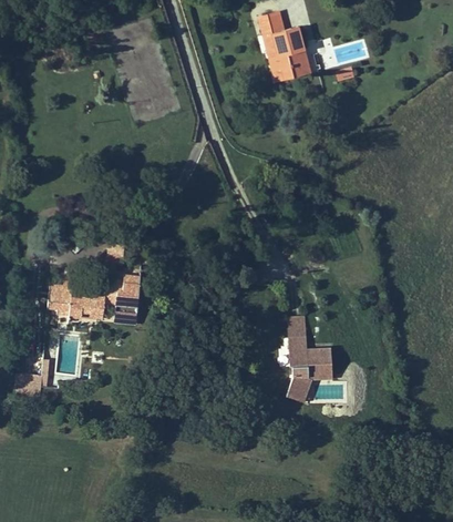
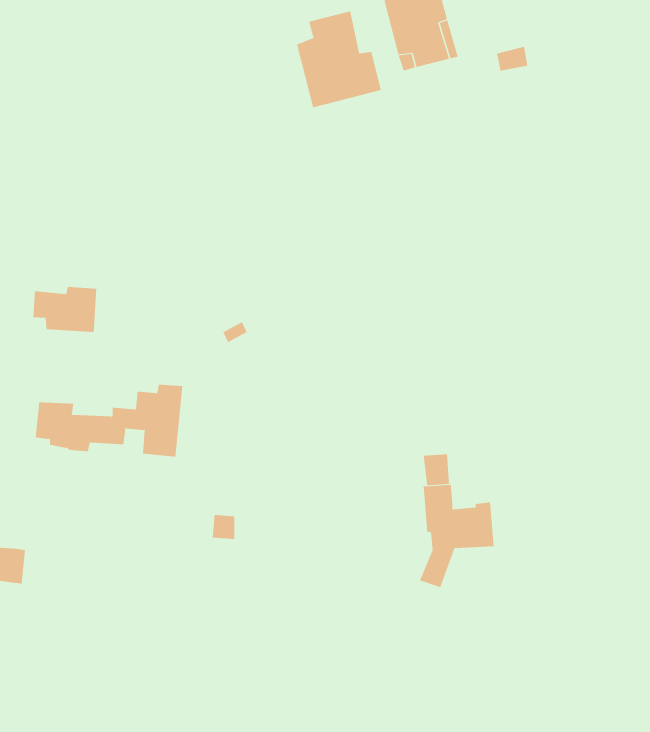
building: none -> [296,11,381,108]
building: none -> [33,286,97,333]

